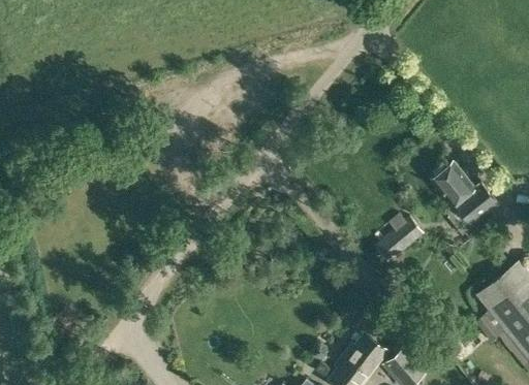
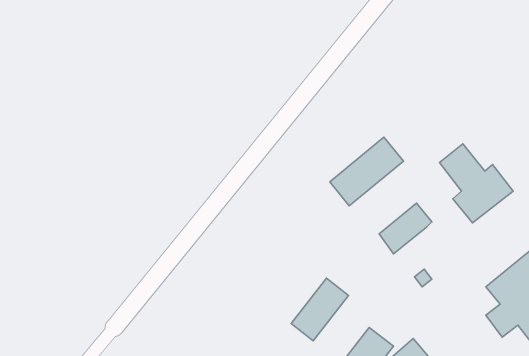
building: none -> [330,137,403,206]
building: none -> [291,278,349,341]

